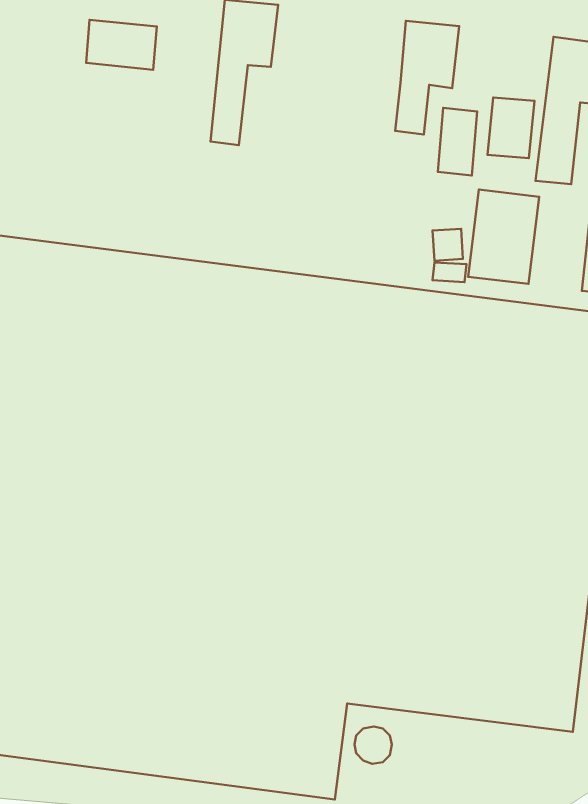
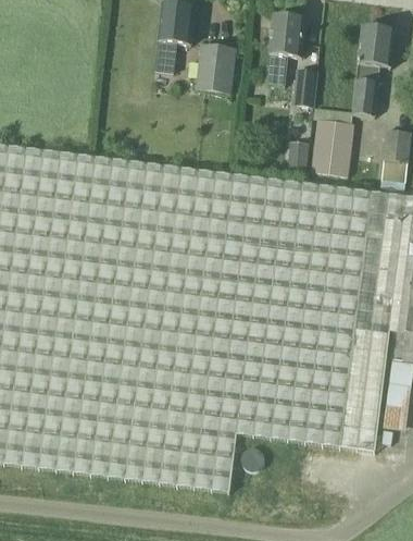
building: [86,20,157,70] -> none
building: none -> [197,45,236,93]
building: [488,97,535,158] -> none

